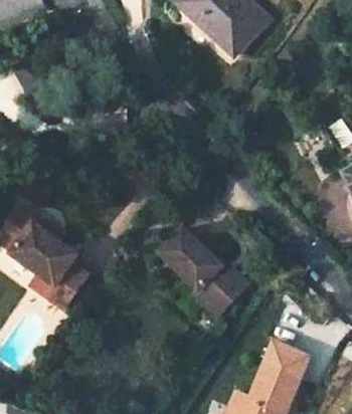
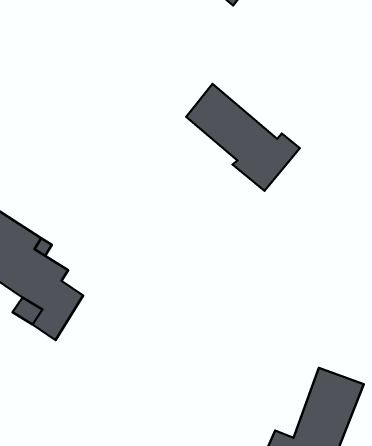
building: [157,226,244,315] -> [186,84,300,191]

